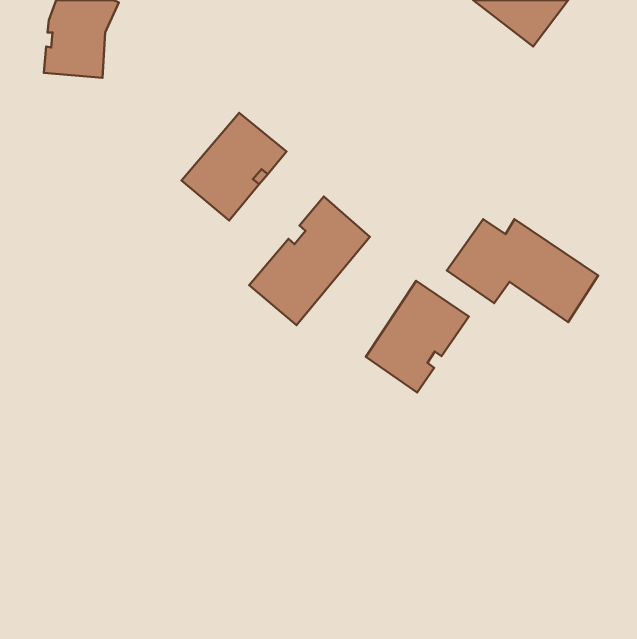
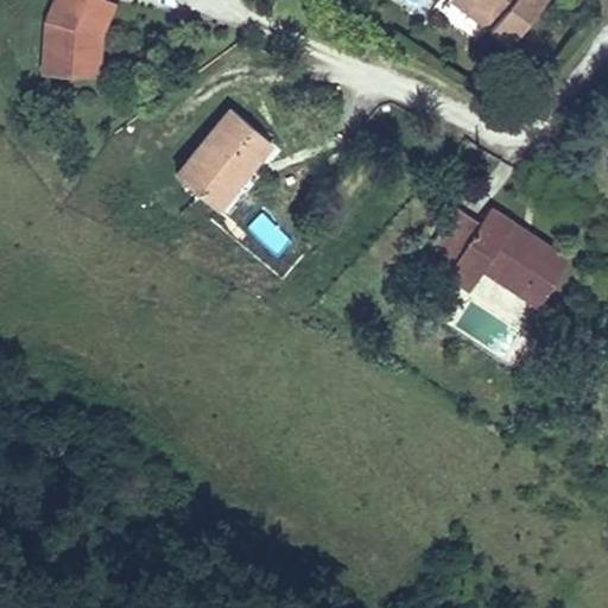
building: [249,197,370,325] -> none
building: [366,281,469,393] -> none

